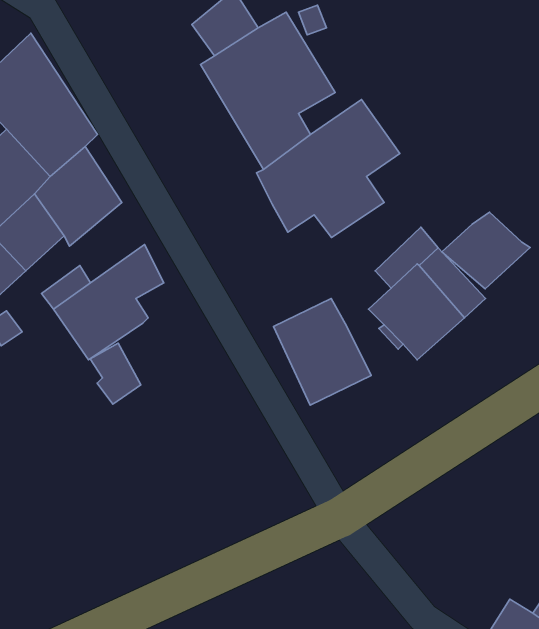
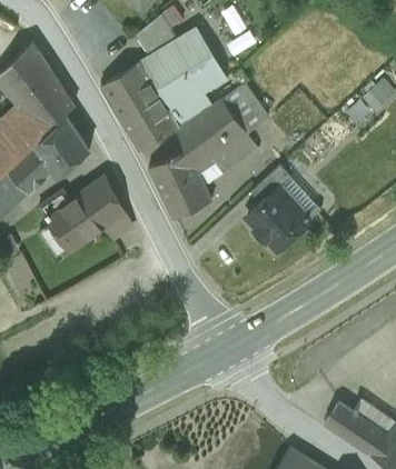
building: none -> [101,63,180,153]
building: [442,212,530,289] -> none
building: [273,298,371,405] -> [149,152,211,220]
building: [90,343,141,404] -> [99,202,131,241]

